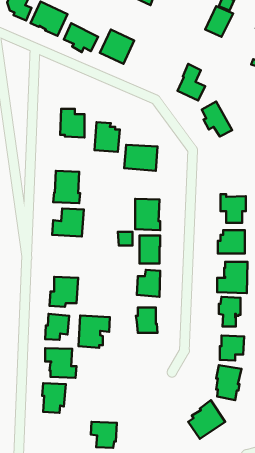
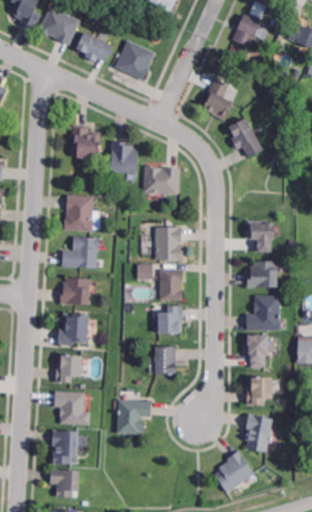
building: none -> [59,278,90,306]
building: [78,315,110,348] -> [116,400,151,436]
building: [91,422,117,448] -> [49,470,78,499]

